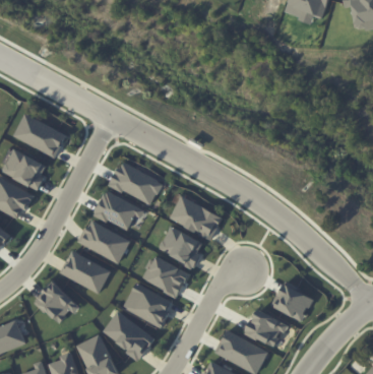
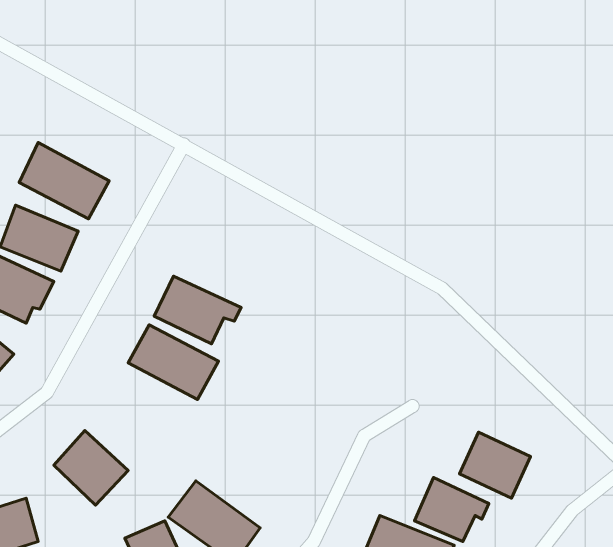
building: [110,162,163,205] -> none
building: [170,196,224,239] -> none
building: [159,226,203,268] -> none
building: [61,252,111,292] -> none
building: [141,255,190,297] -> none
building: [123,283,174,327] -> none

